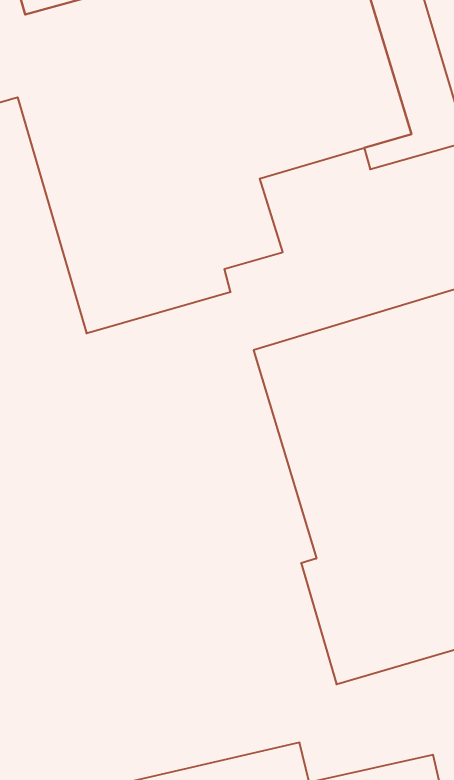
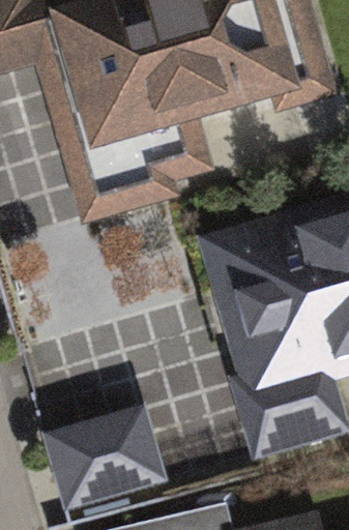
building: none -> [39,408,164,512]

